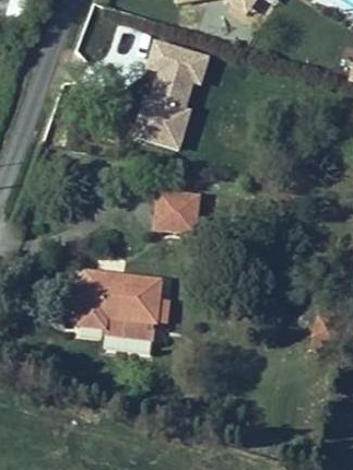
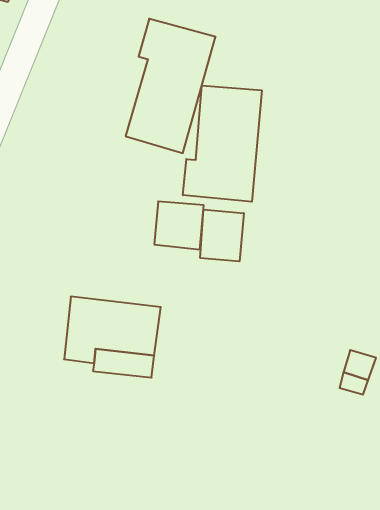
building: none -> [183,86,262,202]
building: none -> [200,210,244,261]

